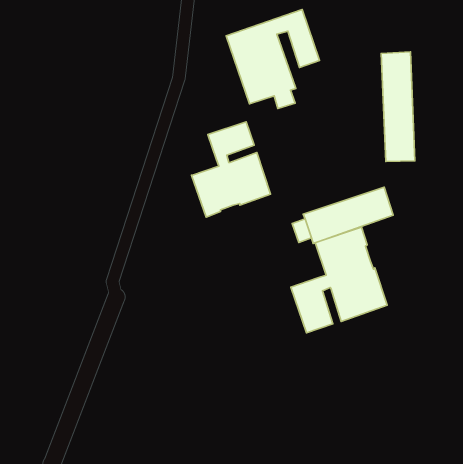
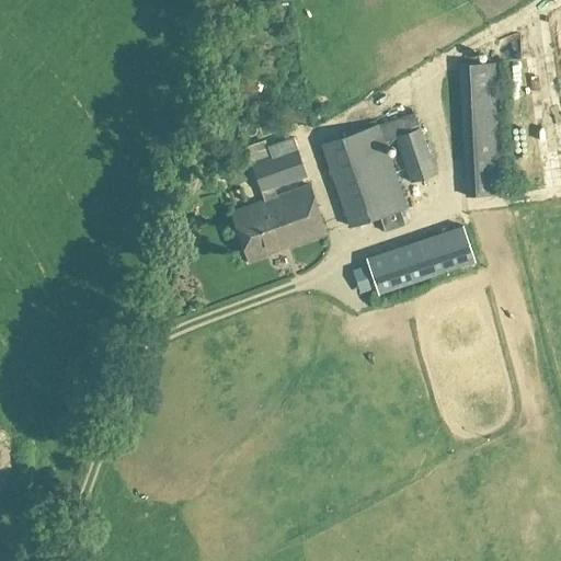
building: [226,10,320,108] -> [323,112,436,231]
building: [291,227,387,333] -> none

